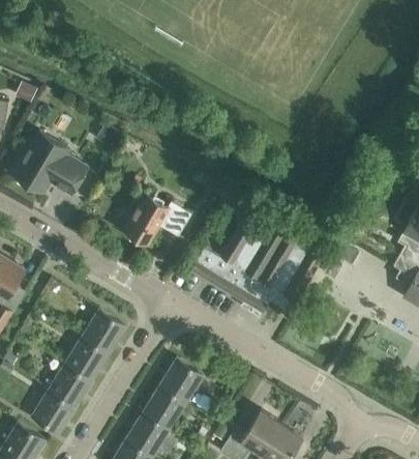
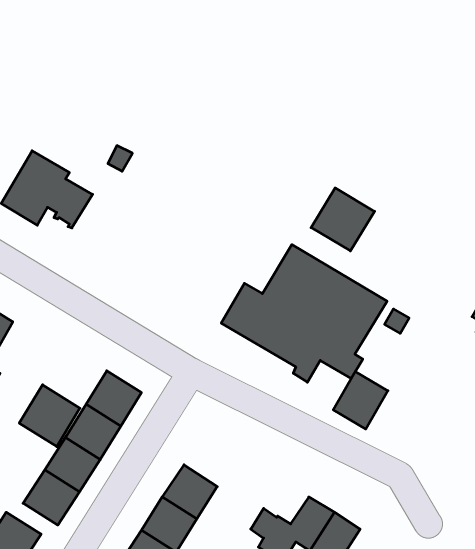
building: none -> [311,188,375,251]
building: [123,195,191,246] -> none
building: none -> [333,371,388,429]
building: none -> [19,385,80,447]
building: [160,358,205,403] -> none

